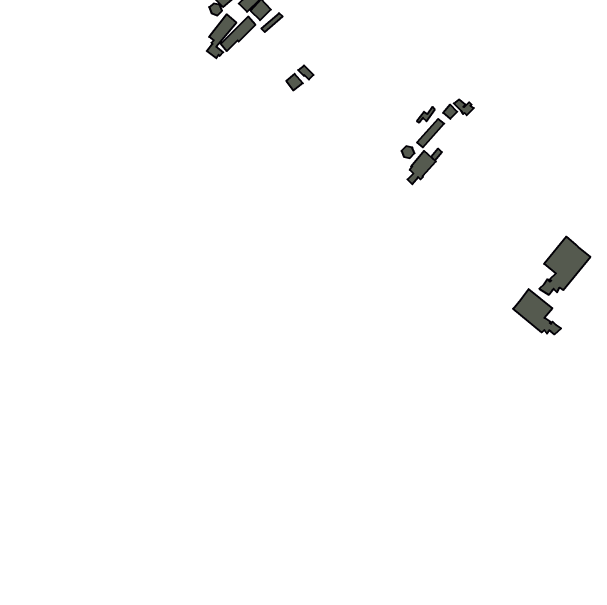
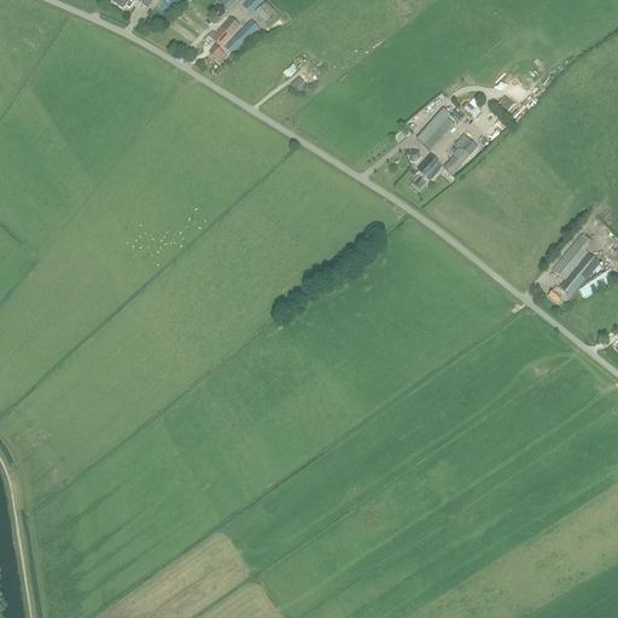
building: none -> [444,133,478,173]
building: [513,289,561,334] -> none

